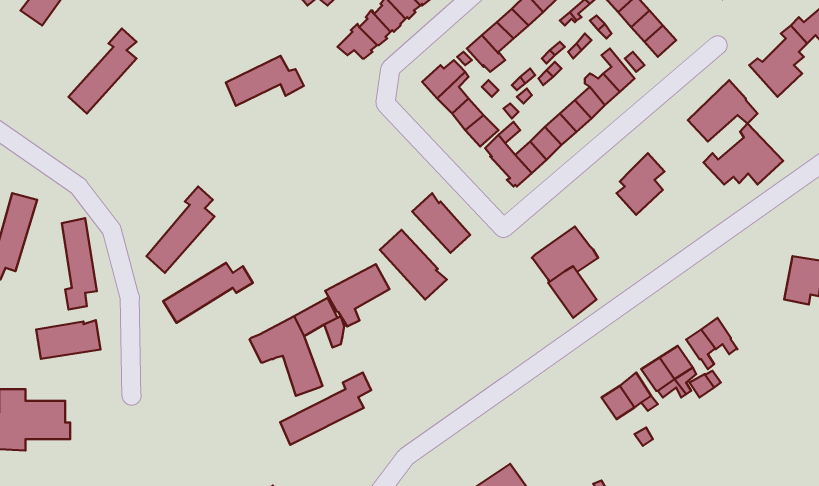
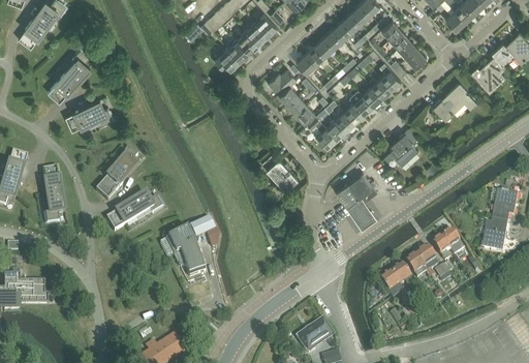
building: [226,56,304,106] -> [65,99,114,130]
building: [704,123,783,185] -> none
building: [380,230,447,299] -> none
building: [325,264,389,327] -> none
building: none -> [483,217,508,251]
building: [36,320,101,359] -> none
building: [280,373,371,445] -> none

